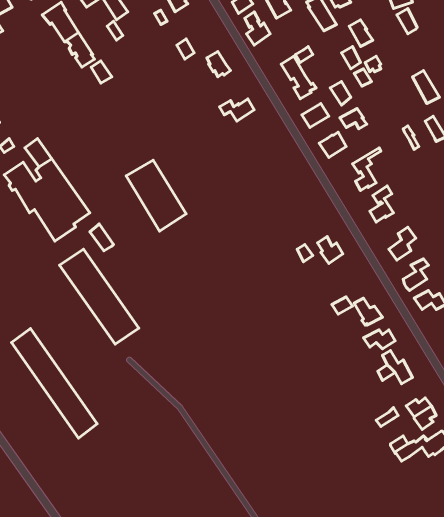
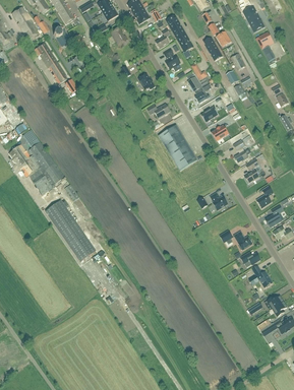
building: [126,160,186,231] -> [158,124,196,170]
building: [12,328,97,438] -> none

